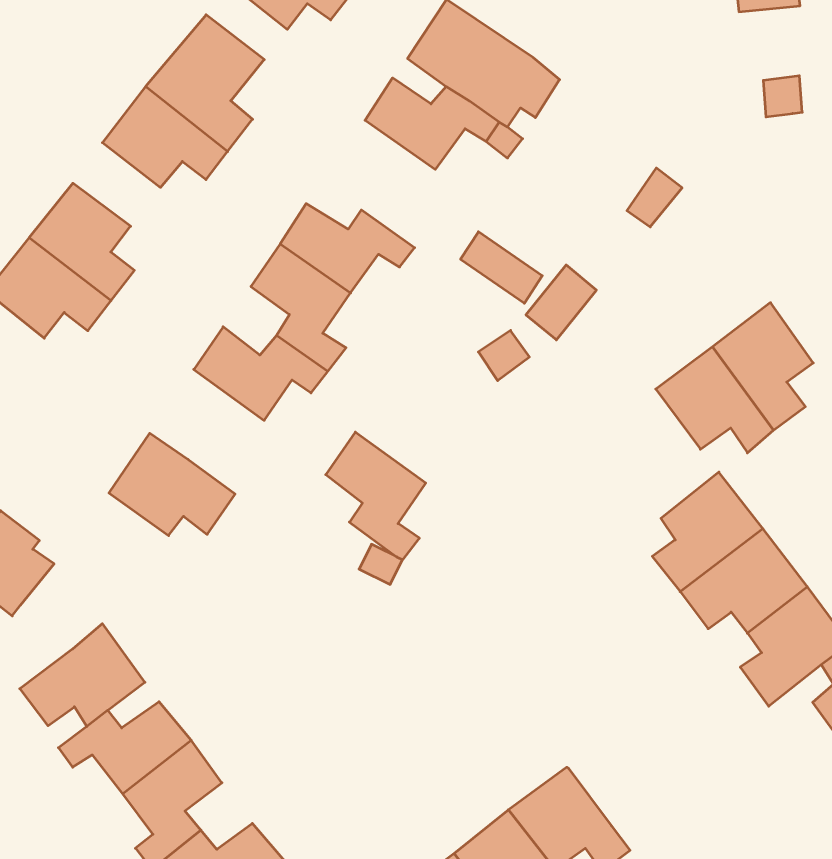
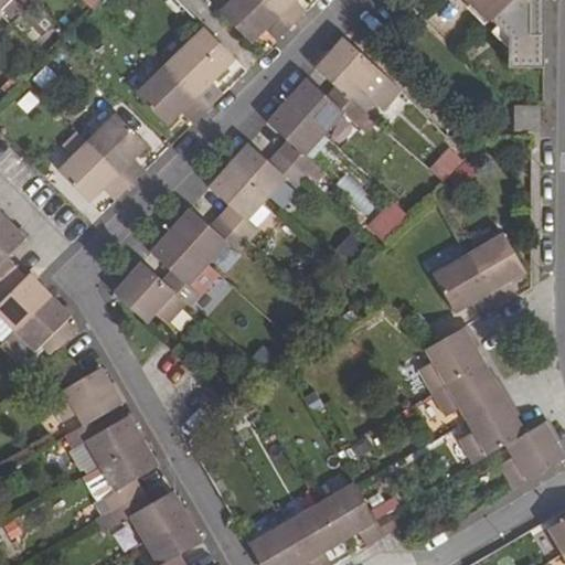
building: none -> [267,99,323,175]
building: [326,432,426,560] -> [151,228,207,305]

